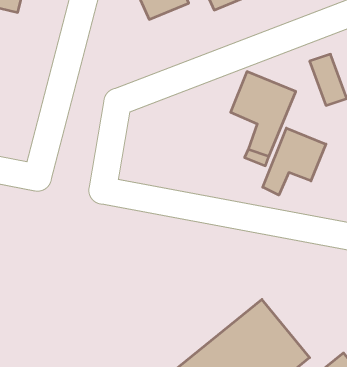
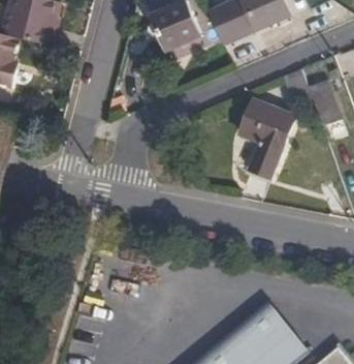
building: [263,128,326,195] -> none

